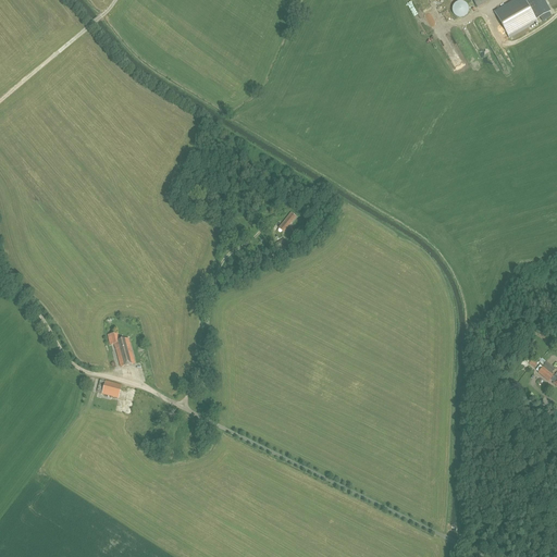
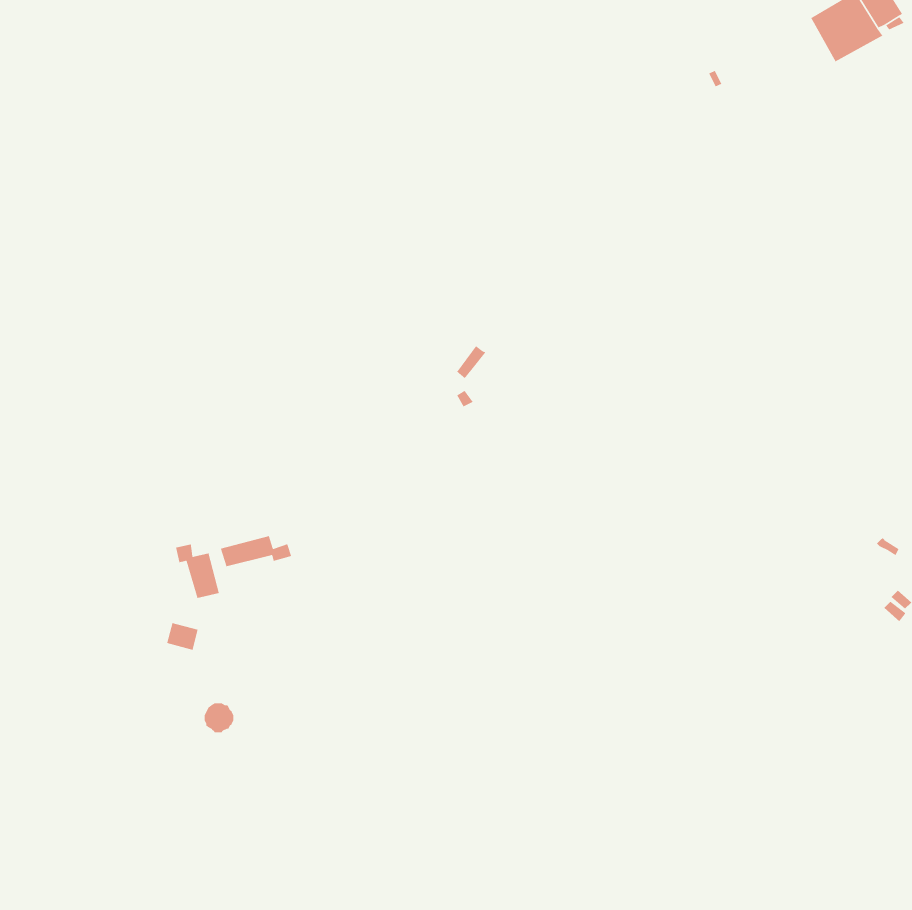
building: none -> [220,535,292,567]

